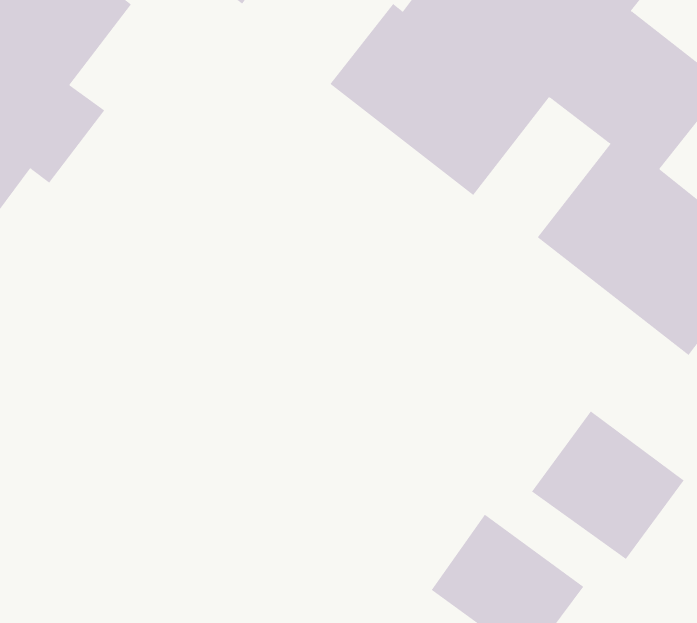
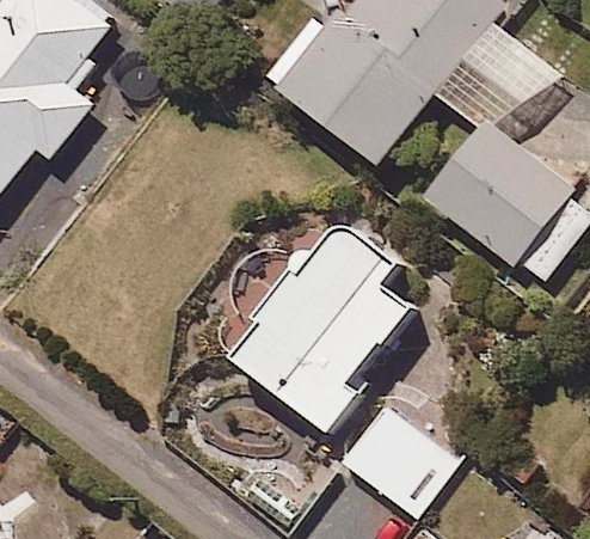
building: none -> [229,219,407,434]
building: [531,410,684,560] -> none

